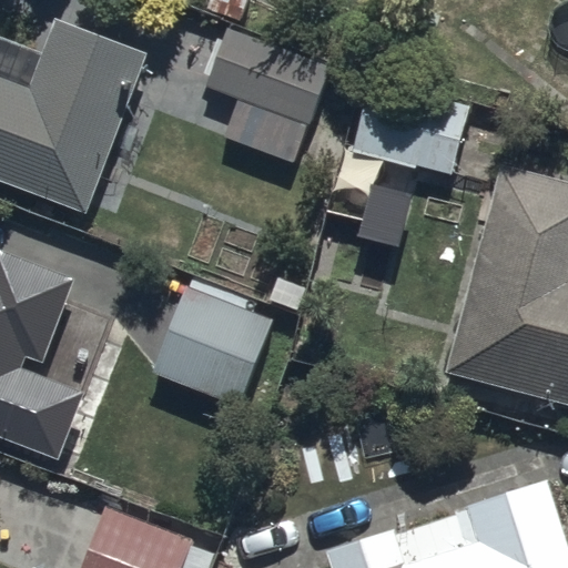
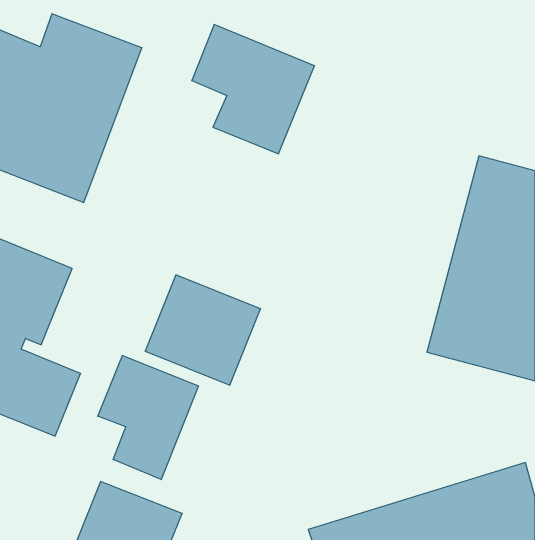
building: [349,78,471,176] -> none
building: none -> [98,355,199,480]

